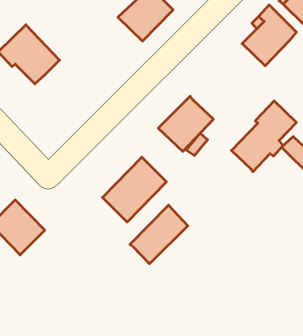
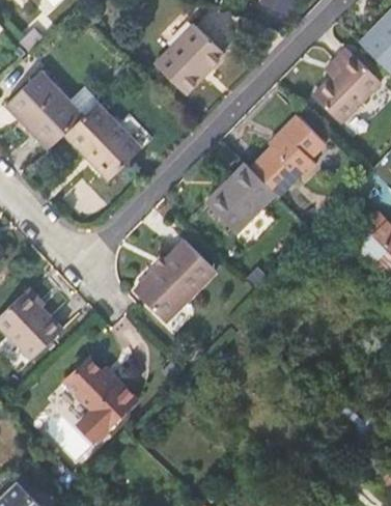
building: none -> [63,103,140,178]
building: [231,101,296,172] -> [251,105,333,194]
building: [130,205,188,264] -> none
building: none -> [61,355,135,439]

